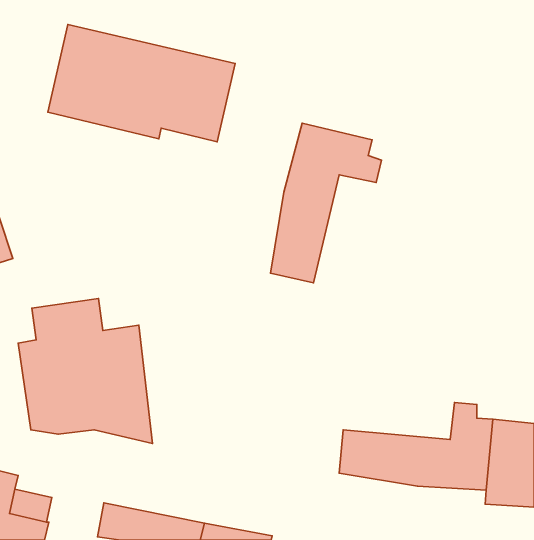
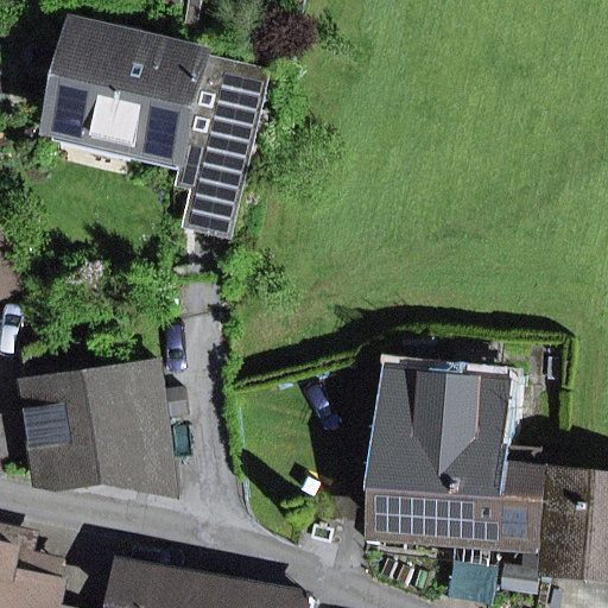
building: none -> [50,126,243,240]
building: [270,123,381,283] -> none
building: none -> [385,365,509,493]

